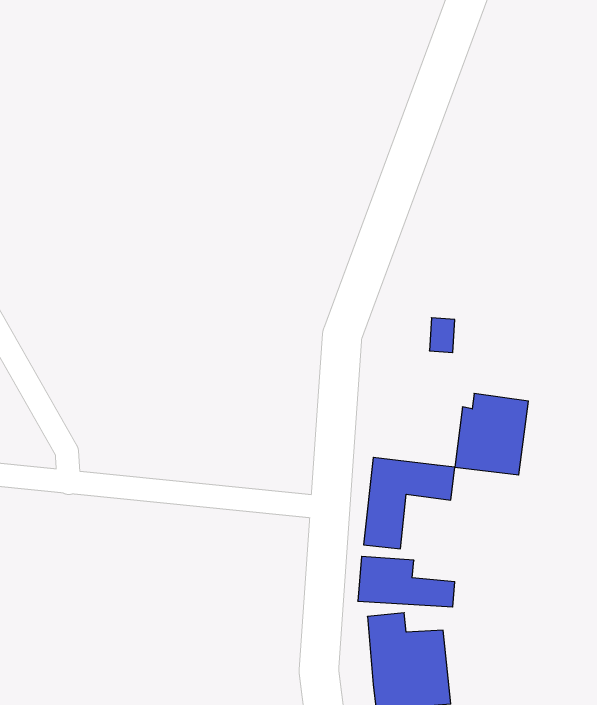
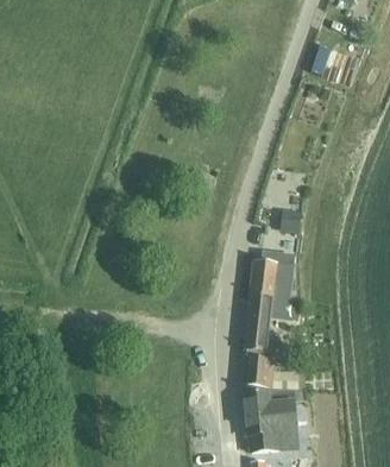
building: [455,393,528,475] -> [251,251,296,301]

